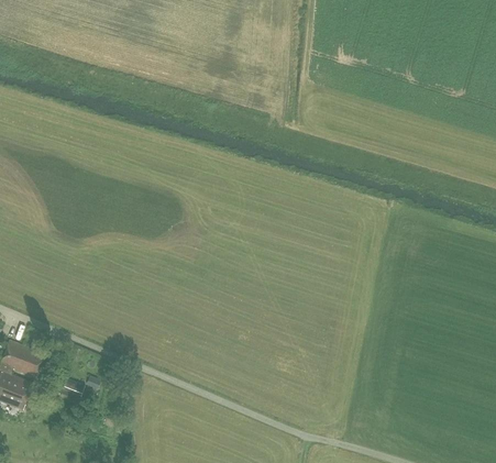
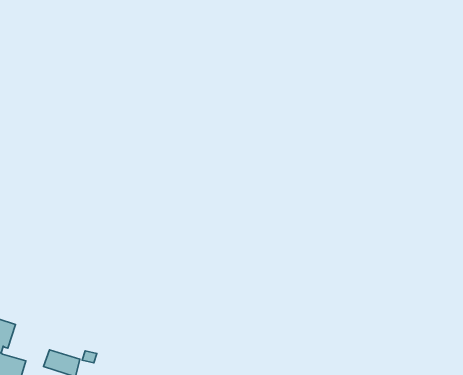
building: [13,346,42,376] -> none

